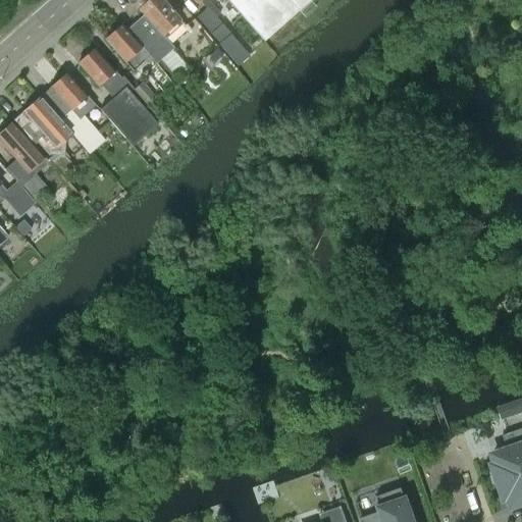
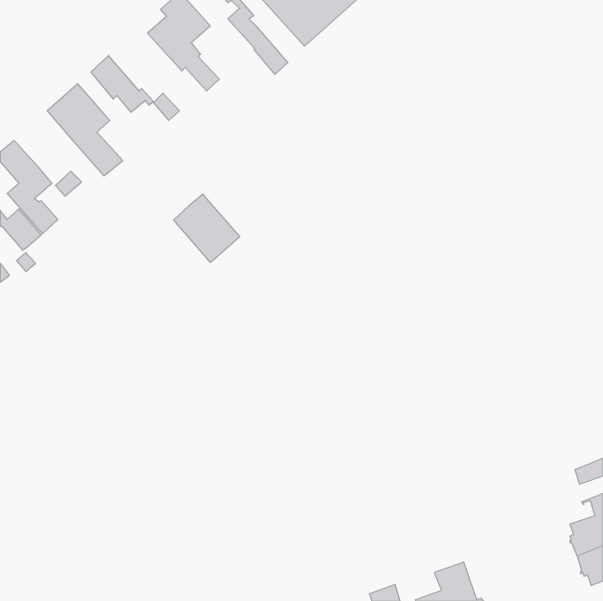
building: [106,23,157,70] -> none
building: [100,87,157,146] -> [174,194,240,263]
building: [12,96,71,153] -> none

